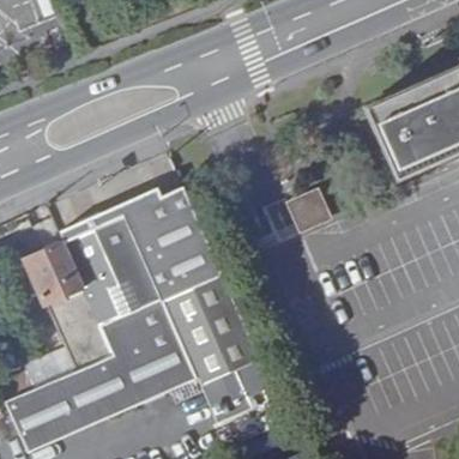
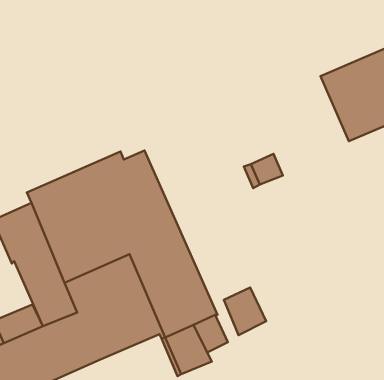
building: none -> [224,287,266,335]

